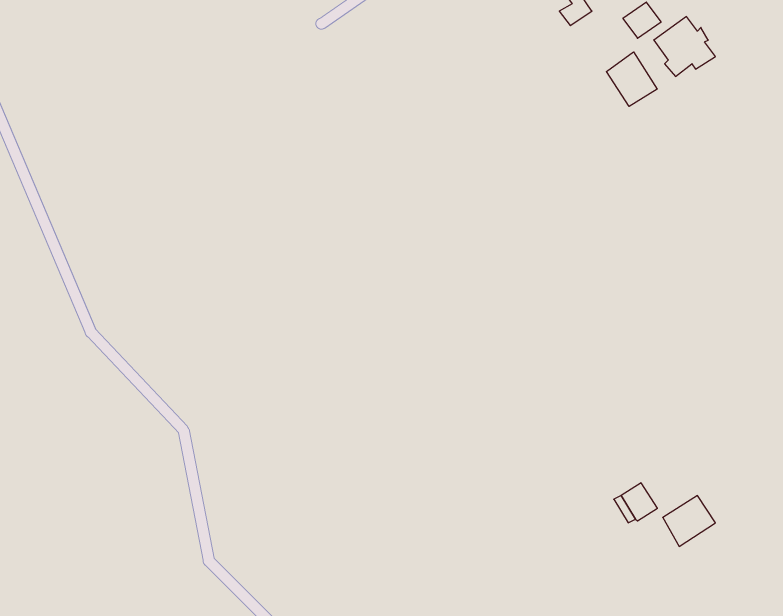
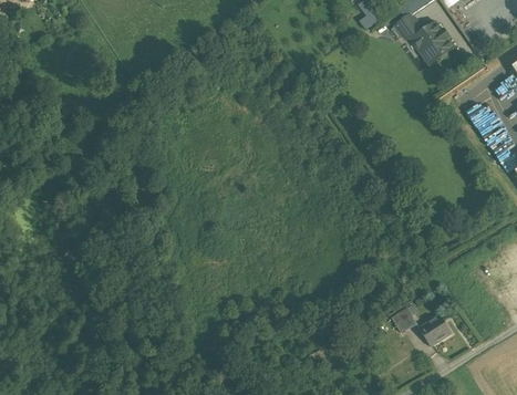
building: [606,52,657,106] -> none

